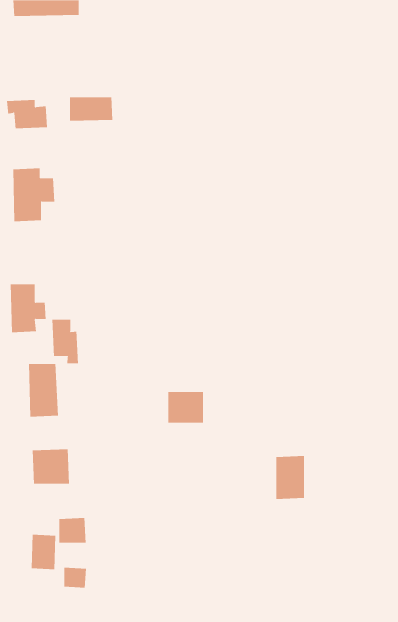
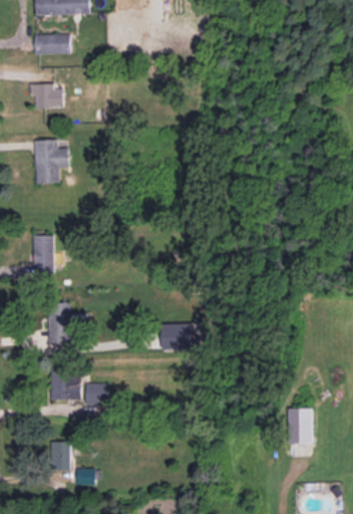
building: [69,97,113,121] -> [34,34,70,54]
building: [52,319,78,364] -> none
building: [275,455,305,499] -> [288,408,312,444]
building: [58,518,87,543] -> [85,382,108,404]

